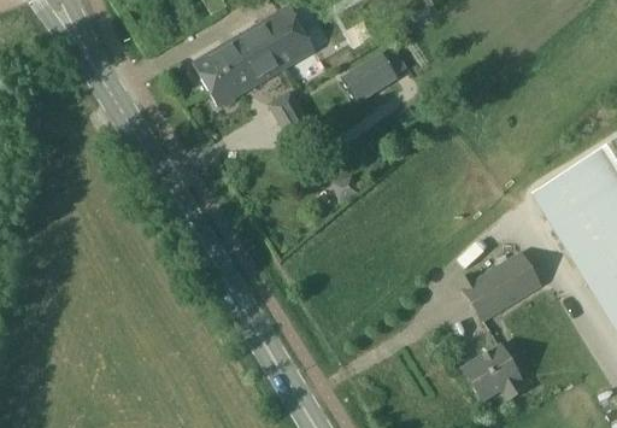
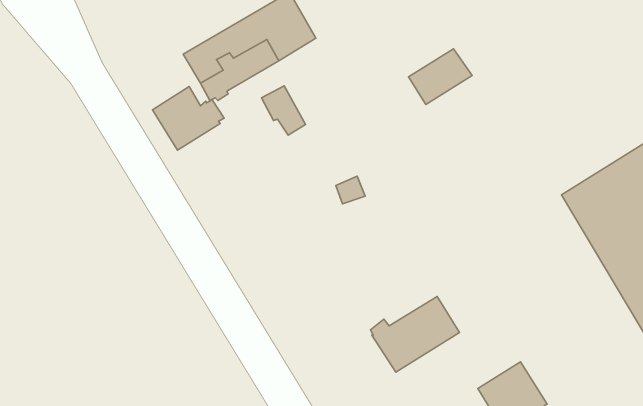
building: [340,52,398,102] -> [409,49,472,105]
building: none -> [153,86,224,150]
building: [459,252,540,321] -> [371,297,460,372]

